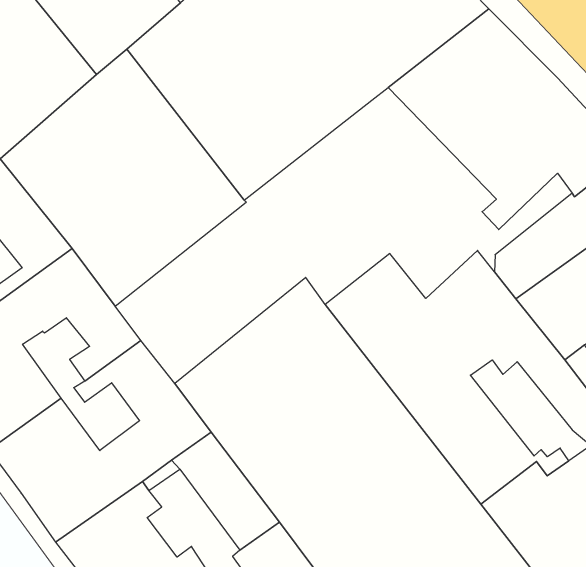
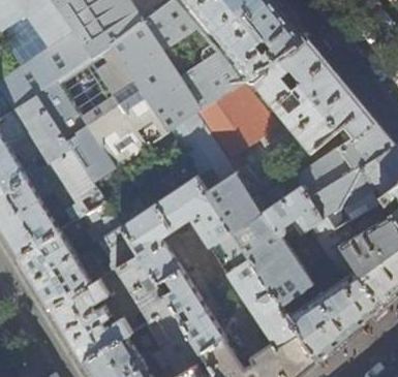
building: none -> [165,84,275,192]

